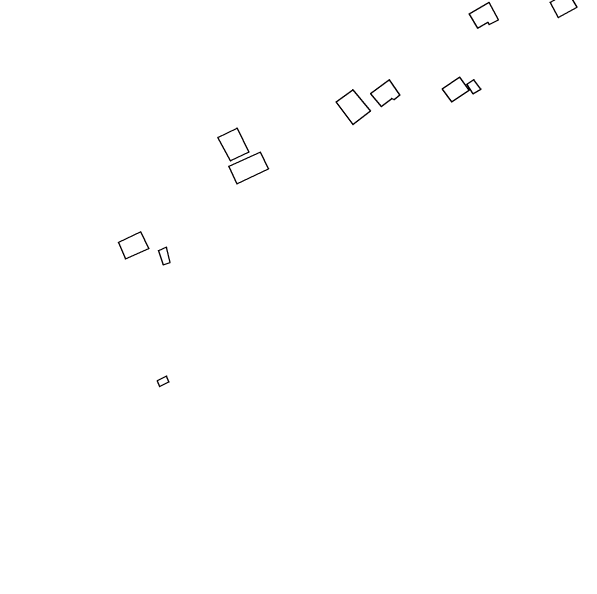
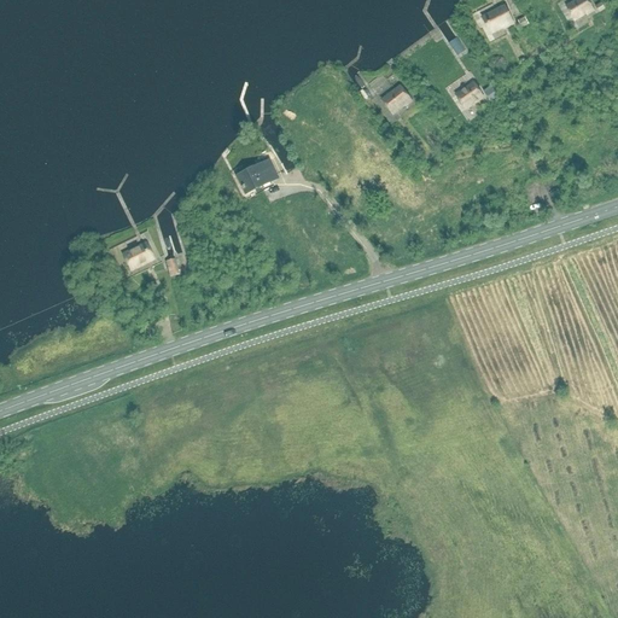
building: [336,90,370,125] -> none
building: [218,128,249,161] -> none

